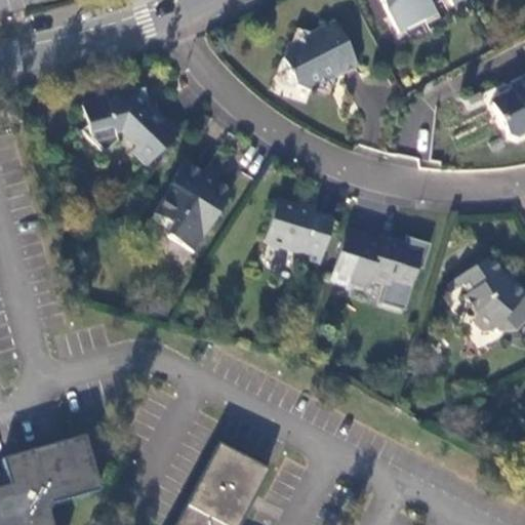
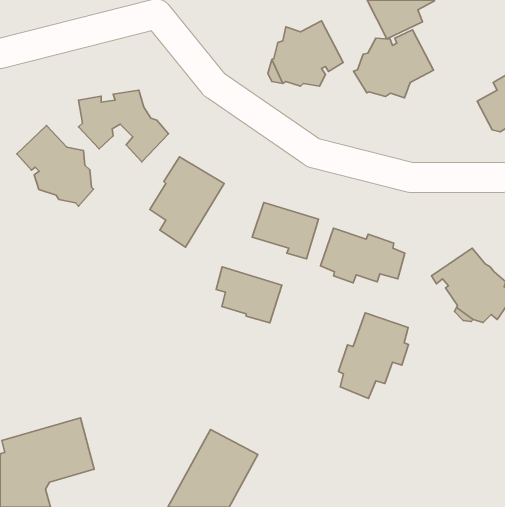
building: none -> [354,30,434,98]
building: none -> [17,126,94,206]
building: none -> [216,267,282,323]
building: none -> [338,313,409,398]

